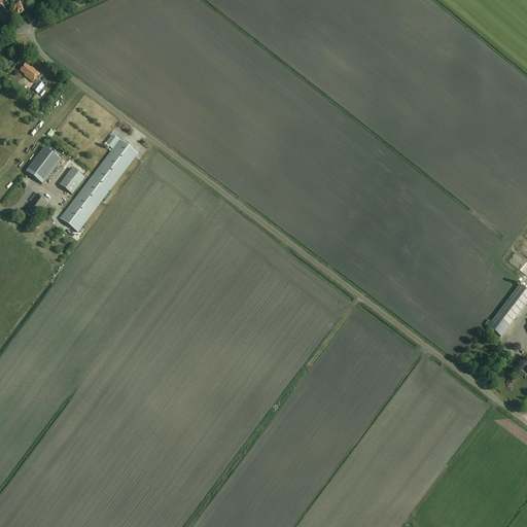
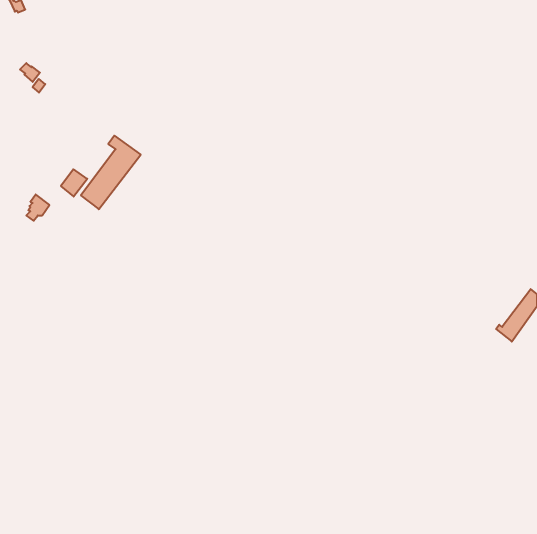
building: [26,144,61,181] -> none
building: [61,191,97,230] -> none

